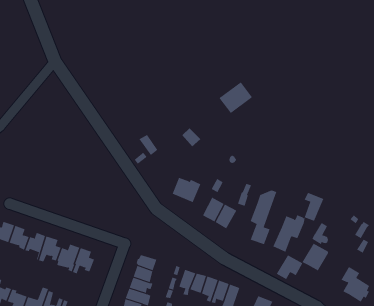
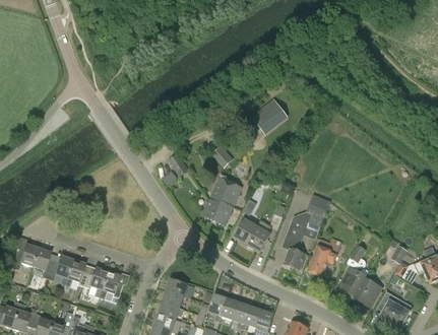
building: none -> [209,176,242,205]
building: [304,192,324,221] -> [306,203,327,233]
building: [276,254,303,280] -> [354,277,382,304]

